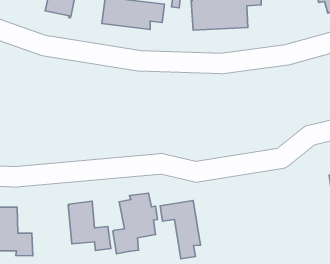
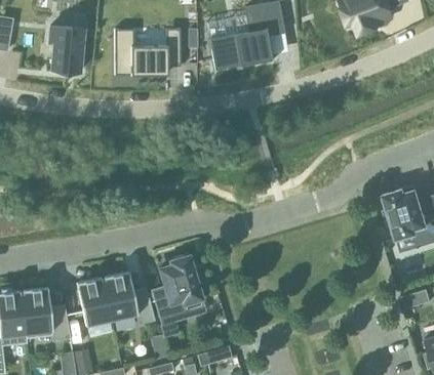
building: [160,200,200,259] -> none
building: none -> [76,277,112,325]

